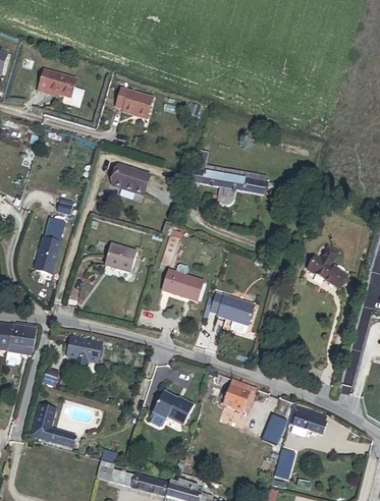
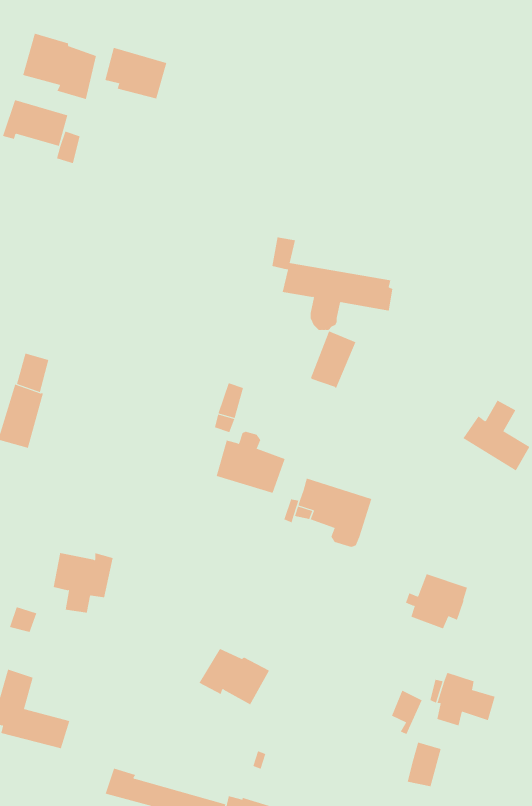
building: none -> [23,33,97,100]
building: [115,88,152,118] -> [105,47,167,99]
building: [111,164,149,196] -> none
building: none -> [310,330,356,389]
building: [105,242,137,272] -> none
building: [220,379,257,411] -> [405,573,468,629]

